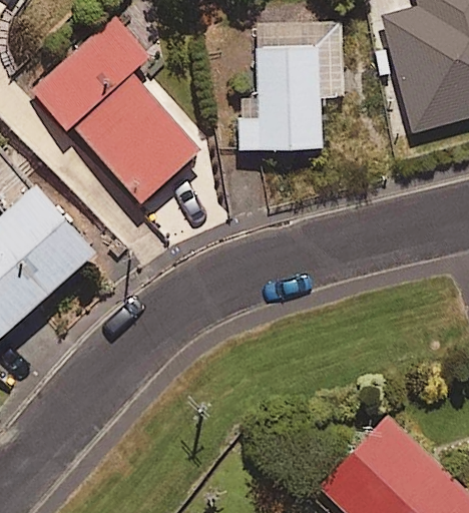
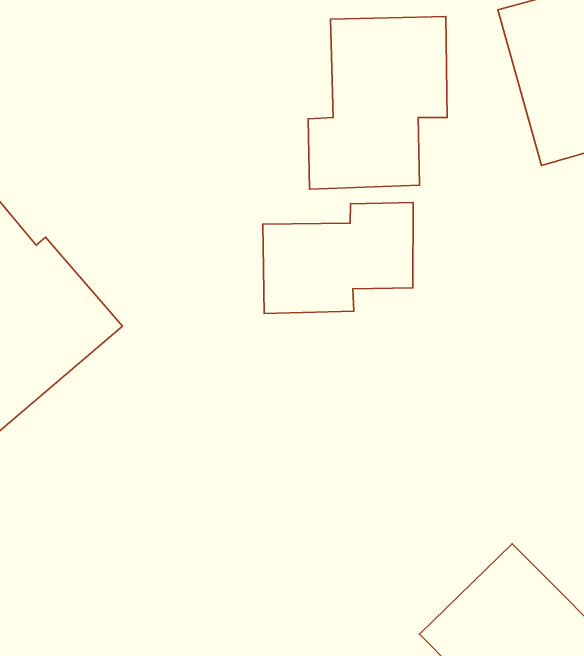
building: [31,17,201,202] -> none
building: none -> [263,203,413,313]

